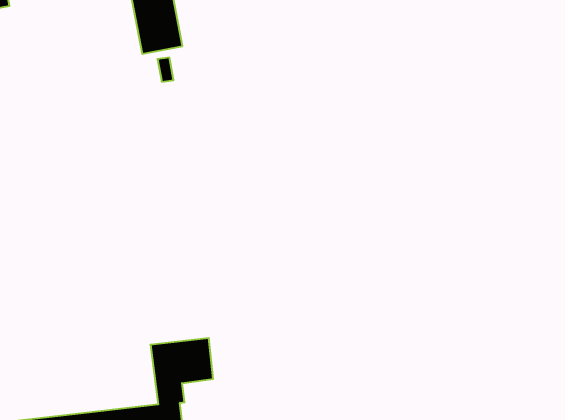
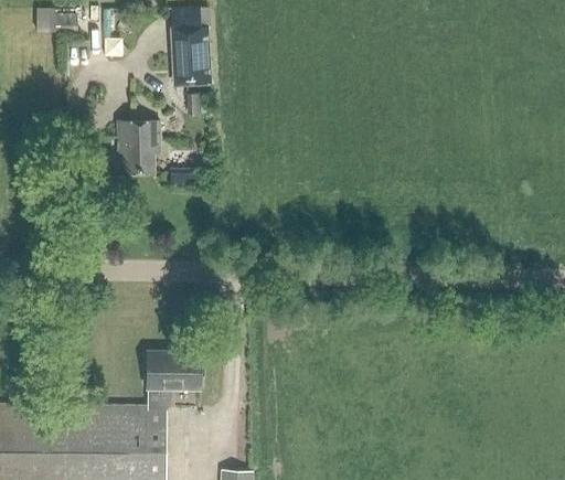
building: none -> [117,121,159,174]

